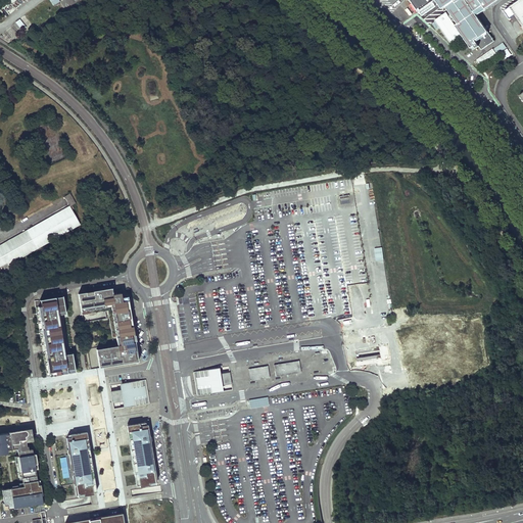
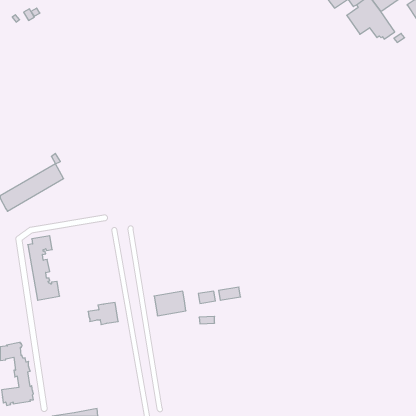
building: [79,287,139,365] -> none
building: [131,421,157,483] -> none
building: [67,432,94,493] -> none

